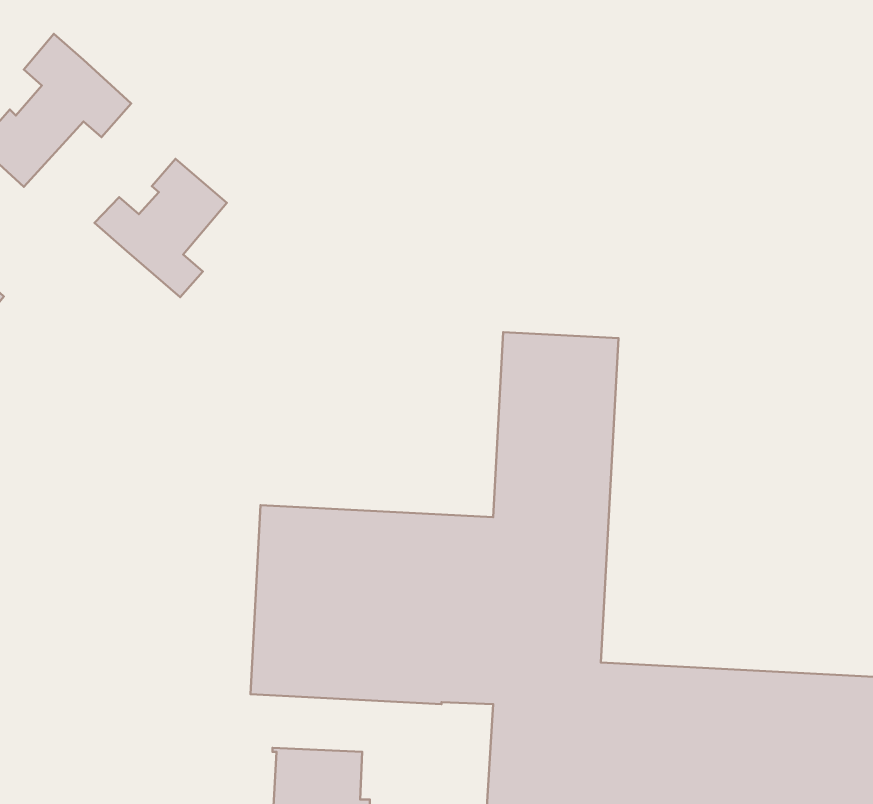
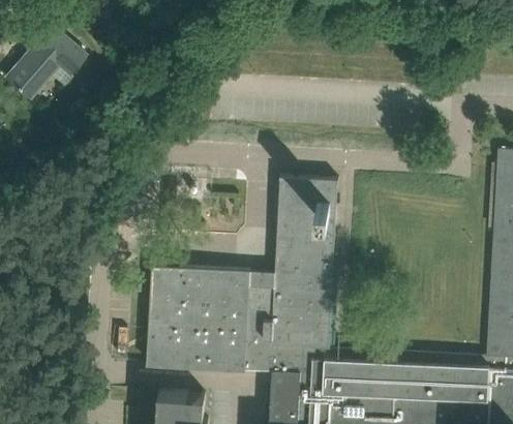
building: [95,159,227,297] -> none

